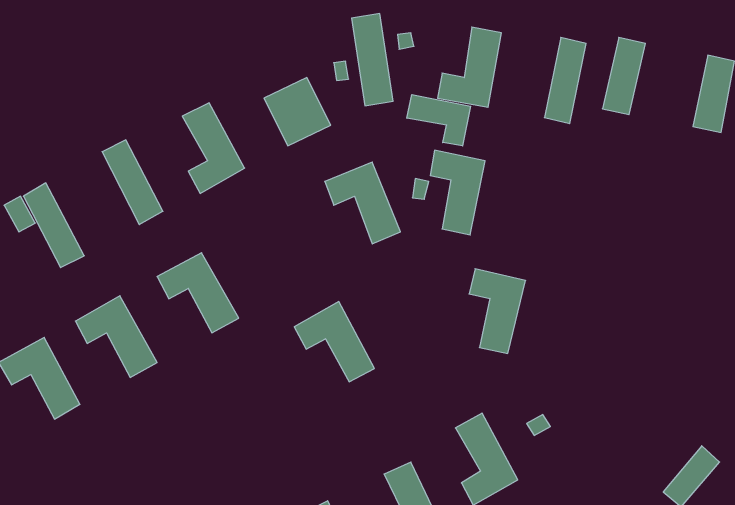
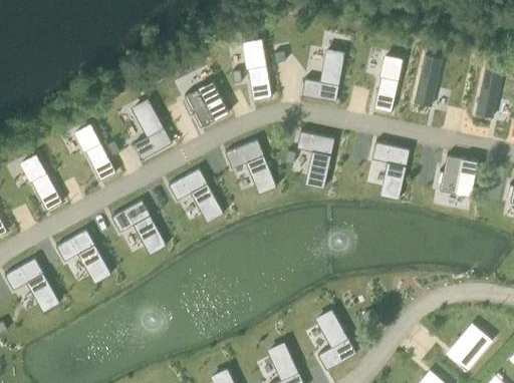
building: [407,95,471,146] -> none
building: none -> [439,155,477,197]
building: [469,269,526,353] -> [371,141,410,199]
building: [294,302,374,382] -> [169,167,223,222]

